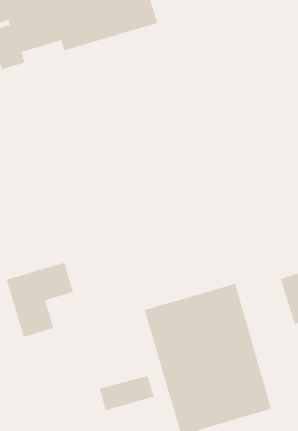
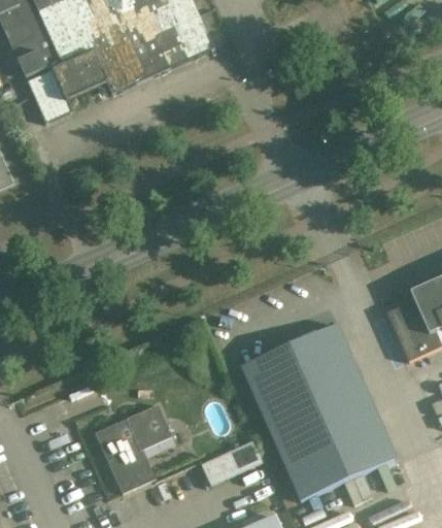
building: [6,262,74,338] -> [95,403,172,493]

